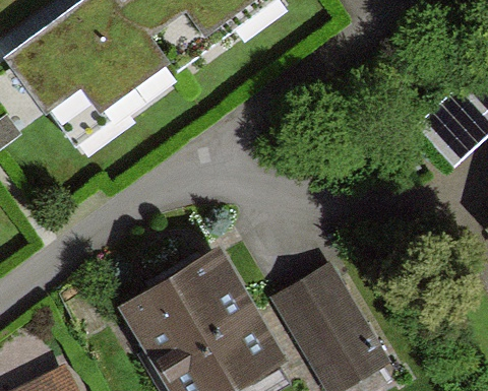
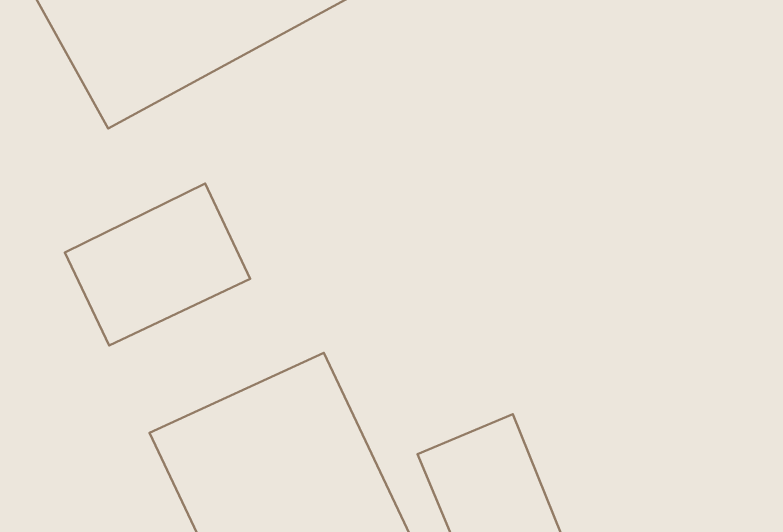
building: none -> [65,183,250,345]

